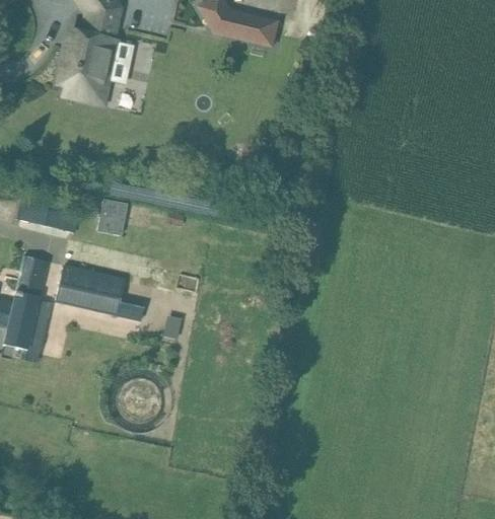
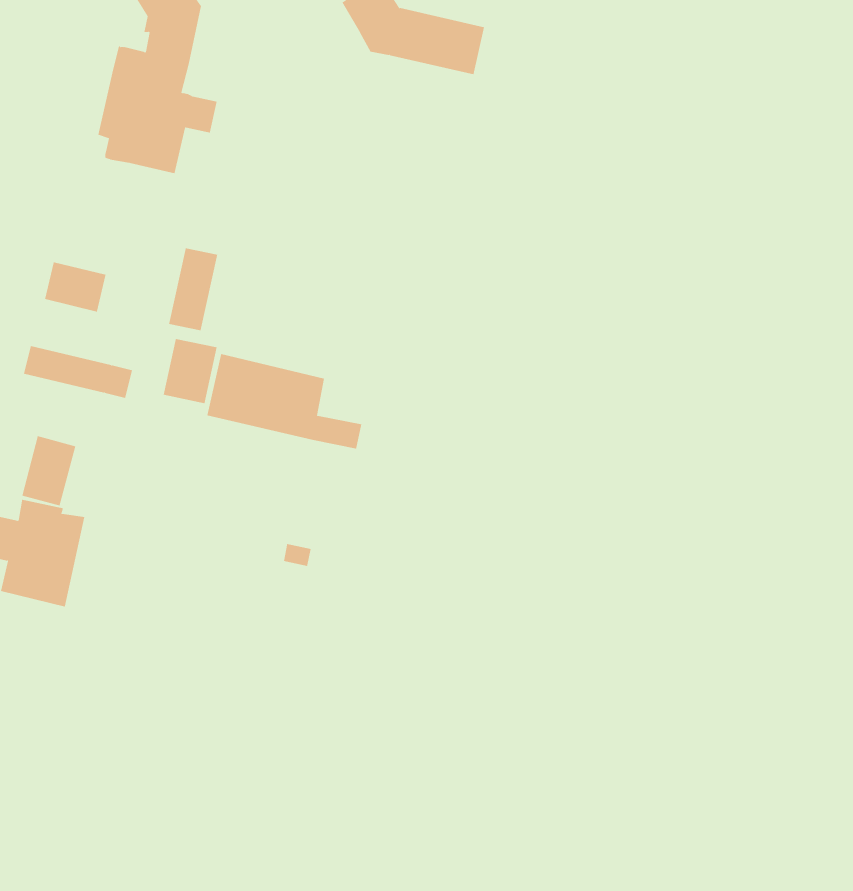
building: none -> [169,247,218,331]
building: none -> [45,261,106,312]
building: [56,267,145,321] -> [206,354,362,449]

